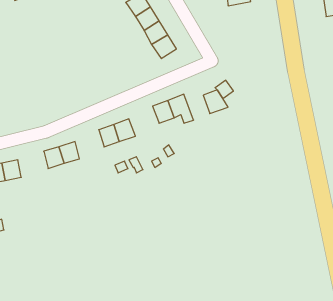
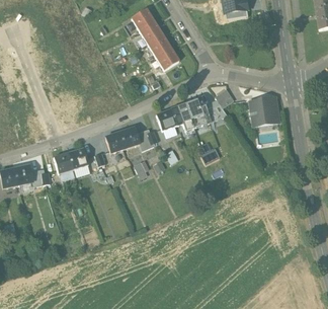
building: none -> [185,96,210,127]
building: none -> [249,98,277,123]

